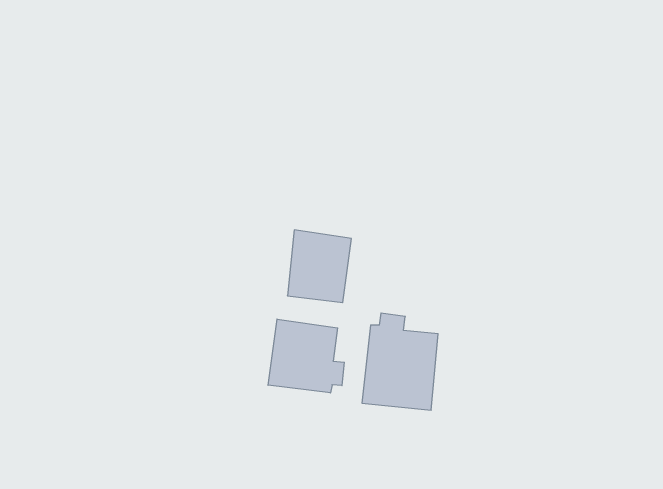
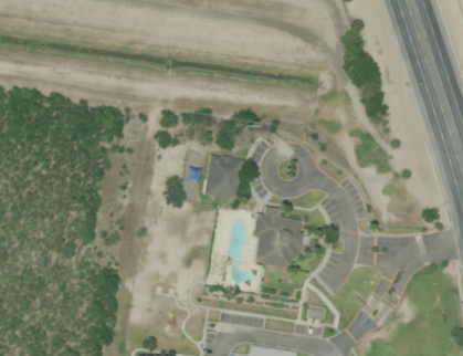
building: [268,319,344,393] -> none

